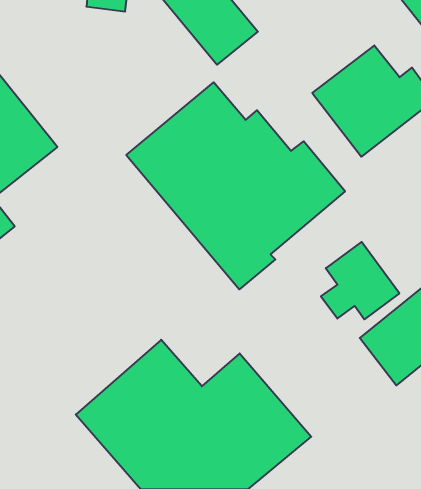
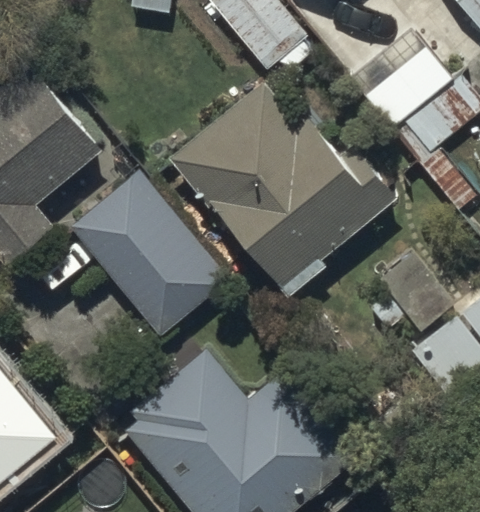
building: none -> [69,168,231,337]

